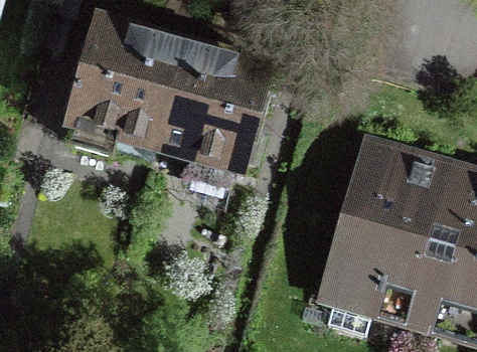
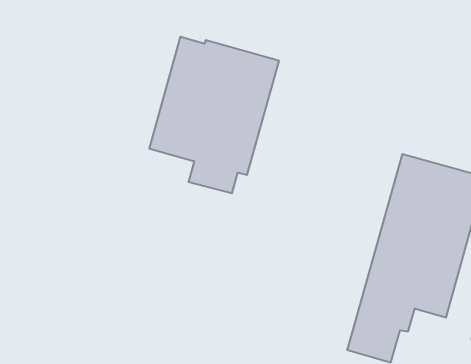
building: [65,10,176,142] -> none

